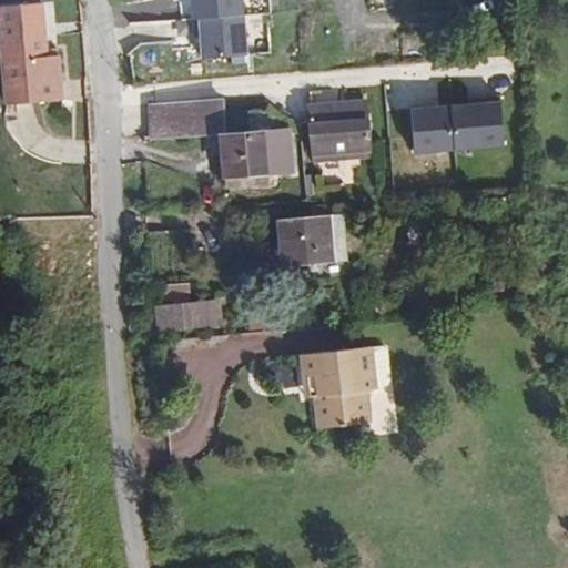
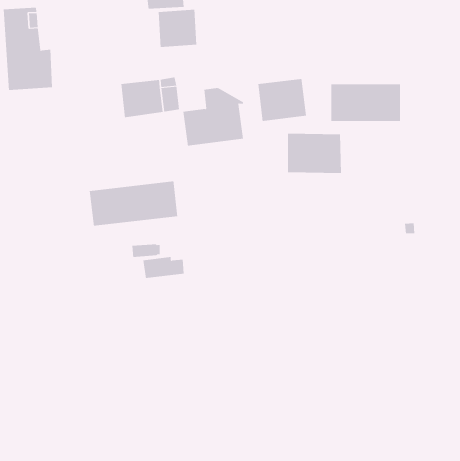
building: none -> [89,181,178,227]
building: [272,224,338,273] -> [287,133,342,173]
building: [300,346,375,422] -> none

